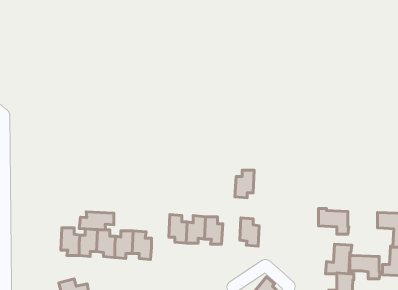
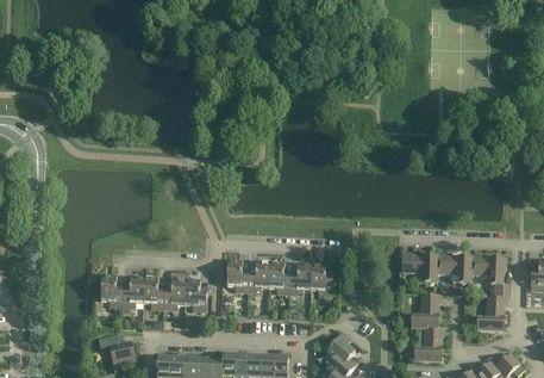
building: [235,170,254,198] -> [288,262,311,295]
building: [79,212,114,230] -> none
building: [350,255,380,279] -> [436,255,471,283]

